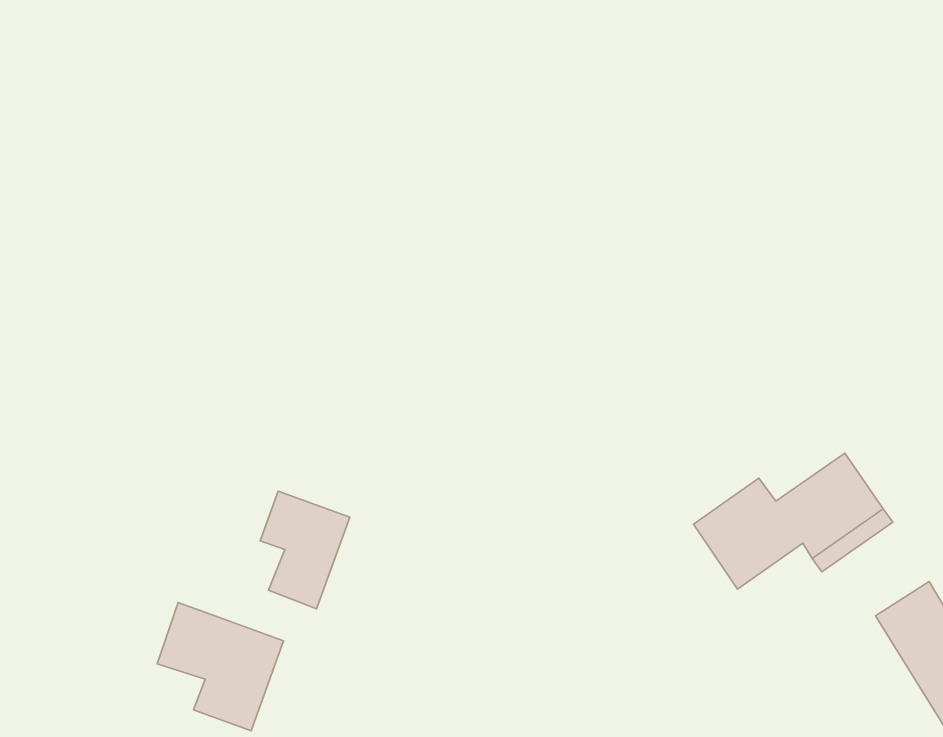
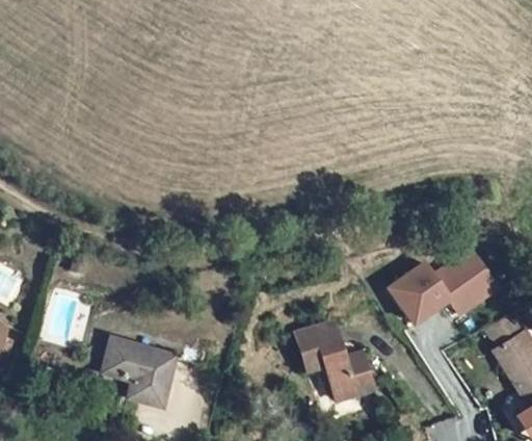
building: [260,491,350,609] -> none
building: none -> [297,326,376,398]

